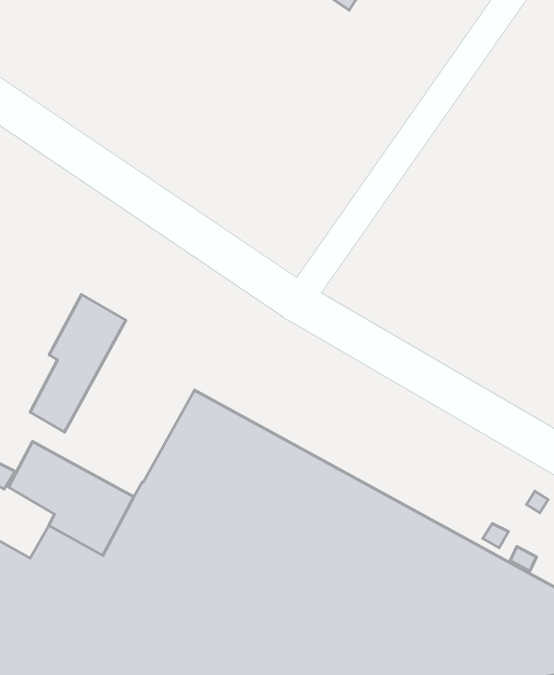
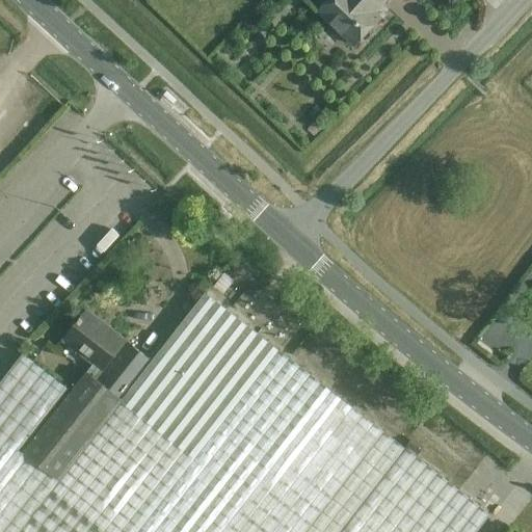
building: [30,295,126,432] -> none

